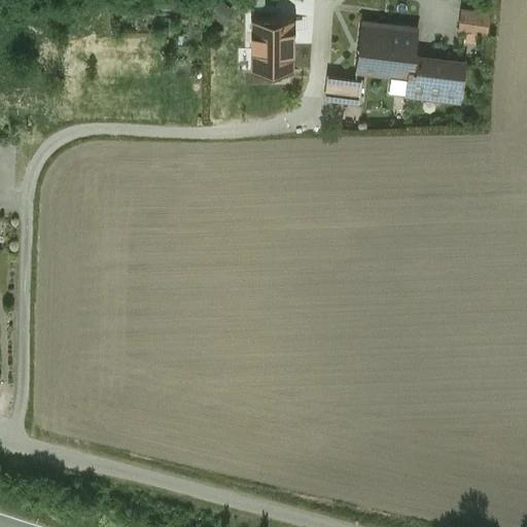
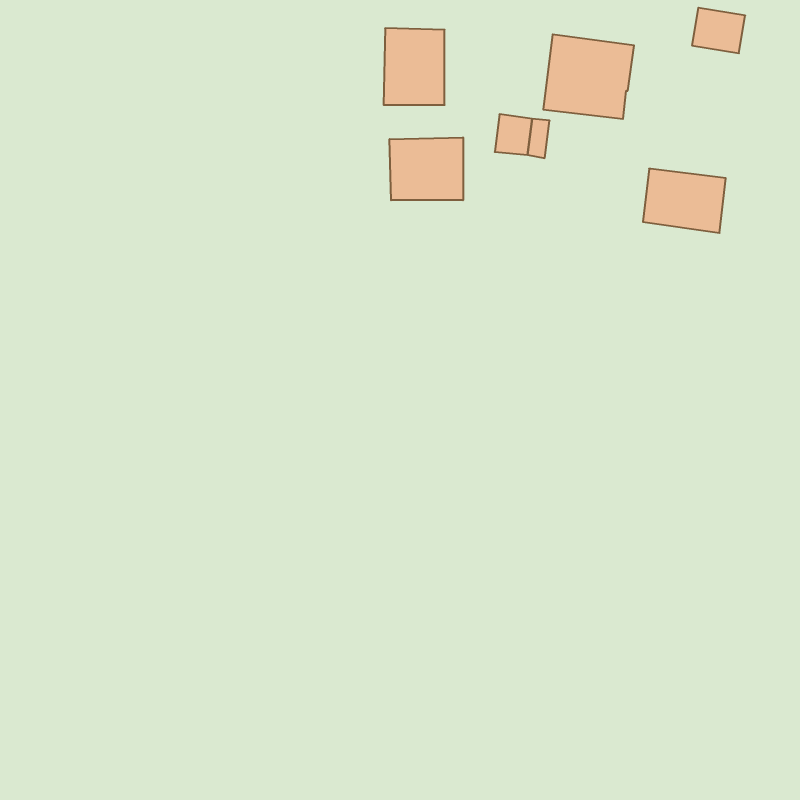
building: [408,60,462,102] -> [643,169,726,233]
building: none -> [390,137,463,200]

